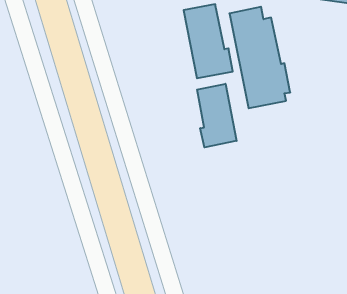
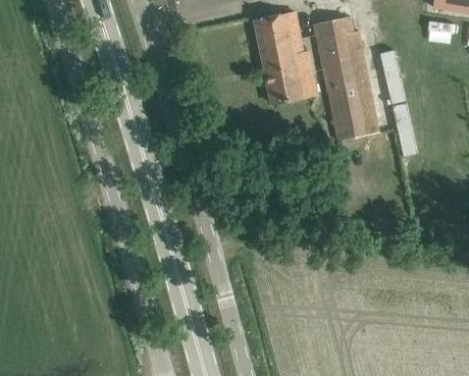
building: [197,84,237,147] -> none

